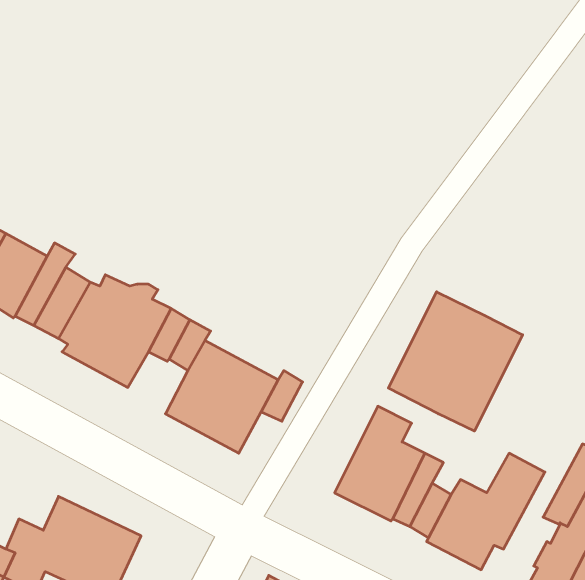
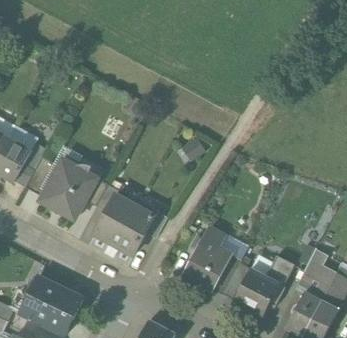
building: [388,292,523,431] -> none

